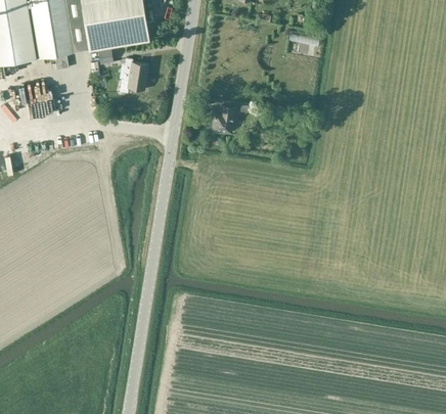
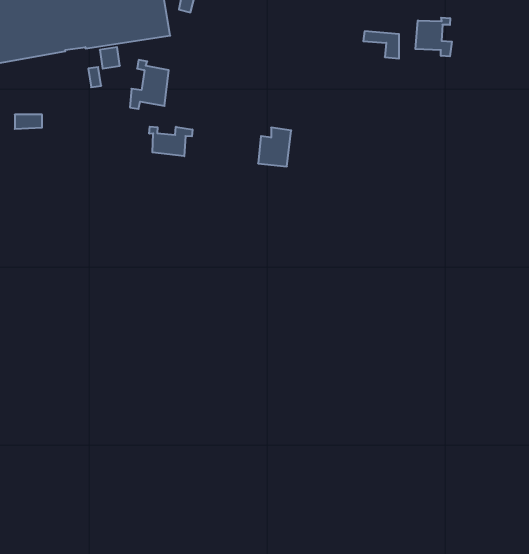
building: none -> [415,18,452,56]
building: none -> [149,127,192,156]

